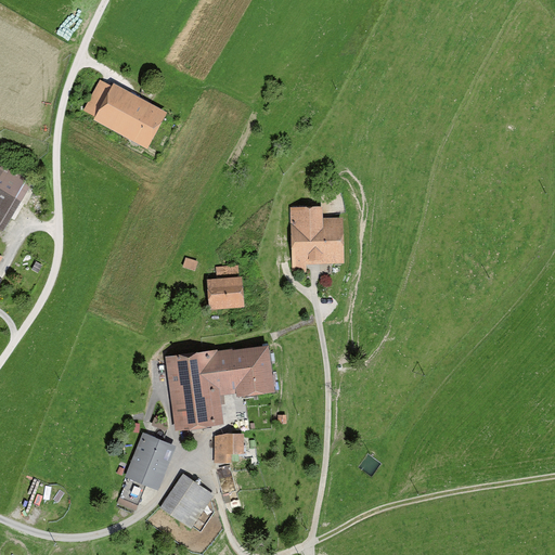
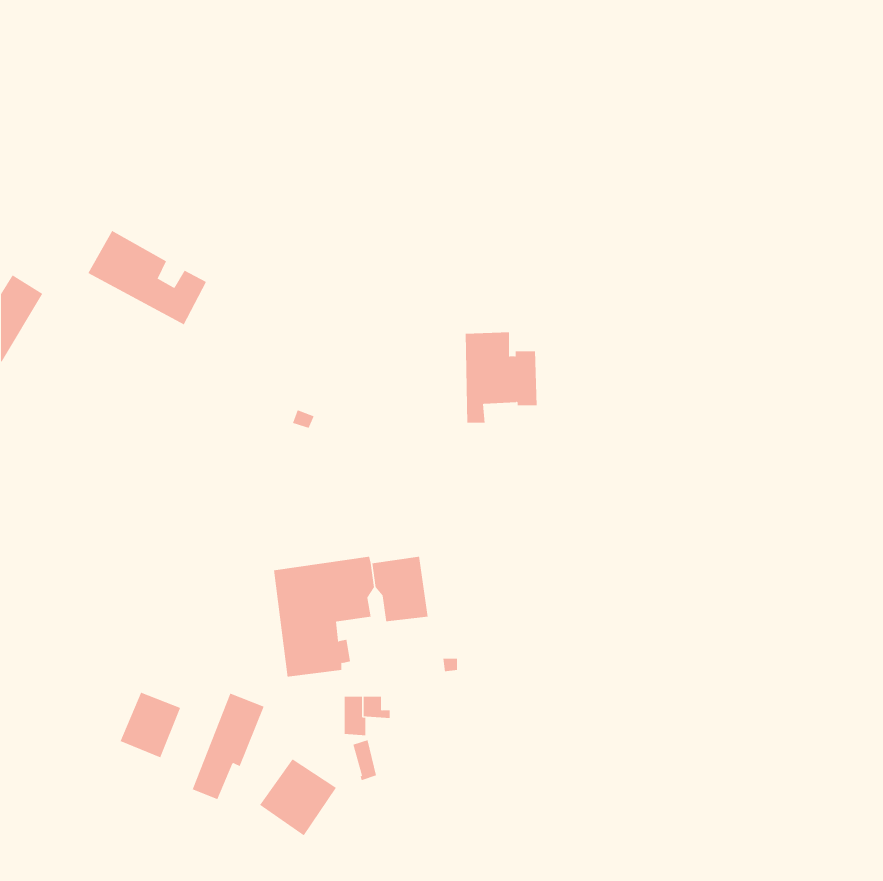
building: [86,81,160,141] -> [88,230,207,325]
building: [208,266,240,302] -> none
building: none -> [120,692,181,758]

